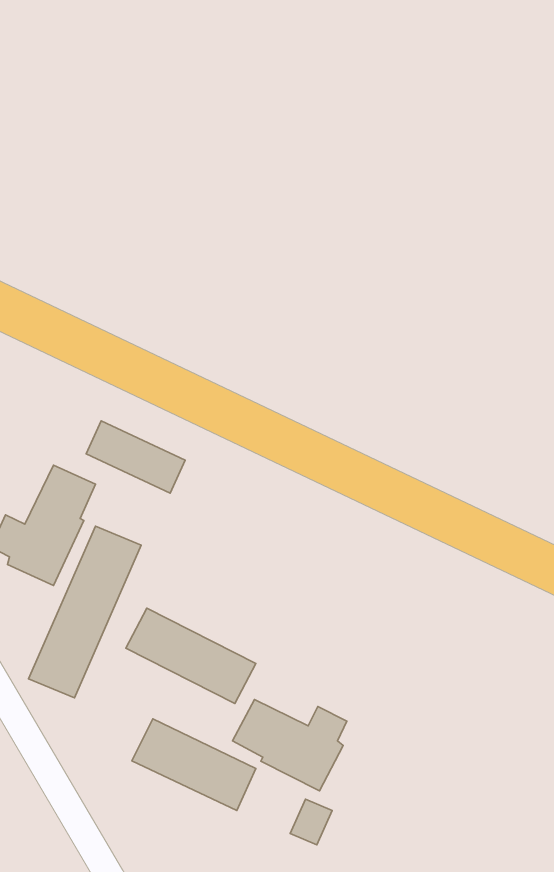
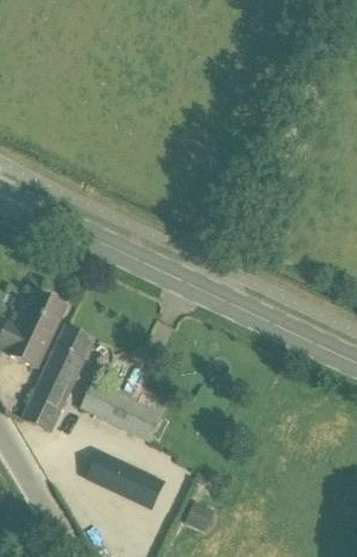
building: [86,421,185,493] -> none
building: [233,699,347,791] -> none

